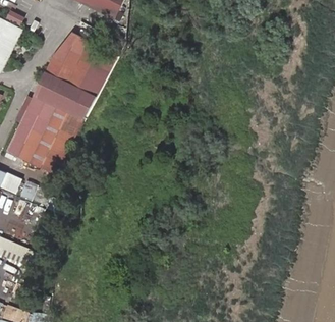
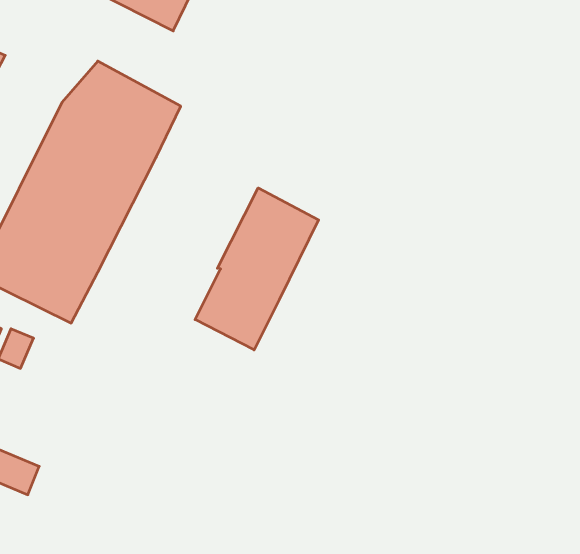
building: none -> [195,188,319,350]

